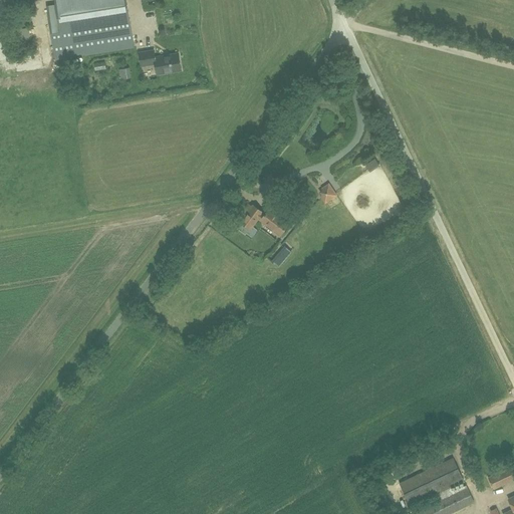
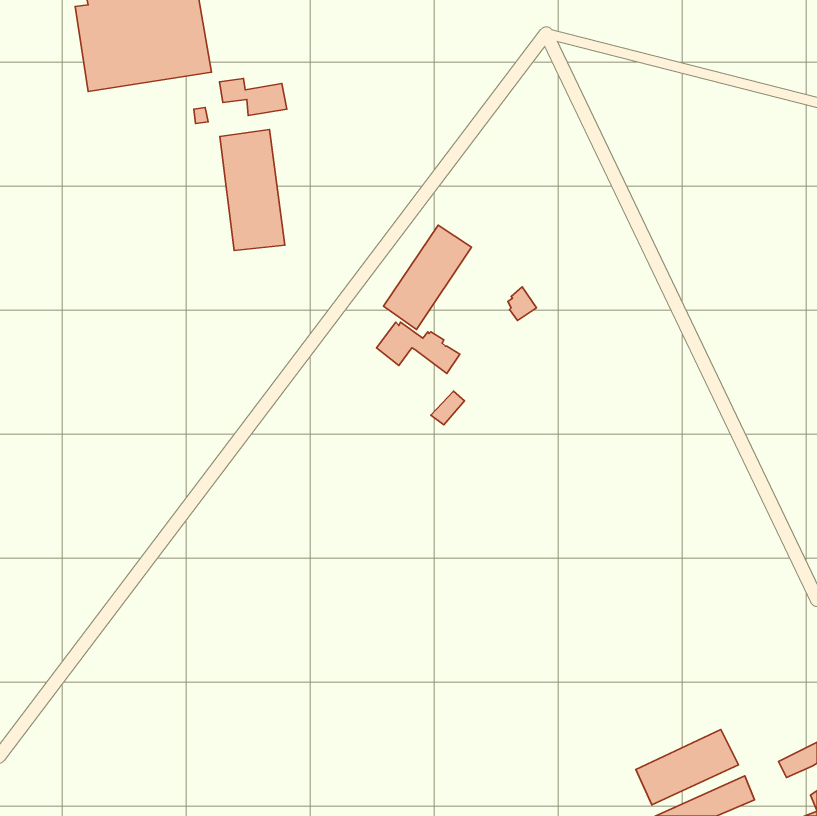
building: none -> [220,130,285,250]
building: none -> [383,225,471,330]

